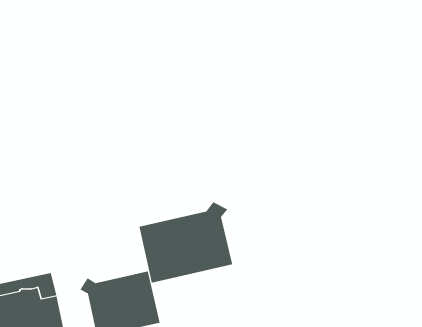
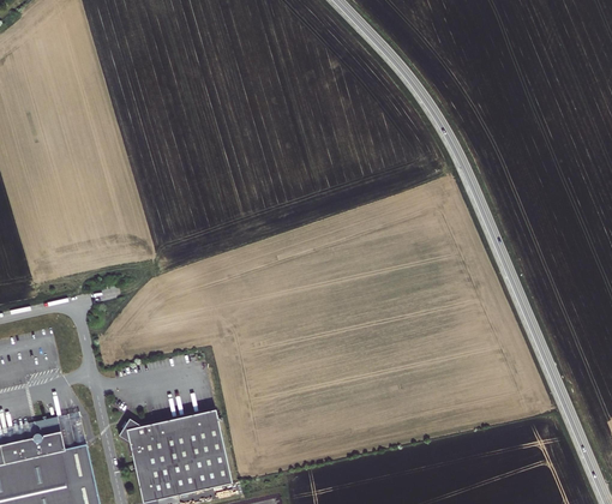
building: [139,201,233,283] -> none

